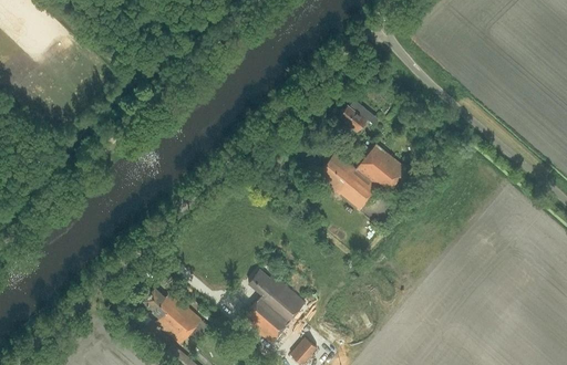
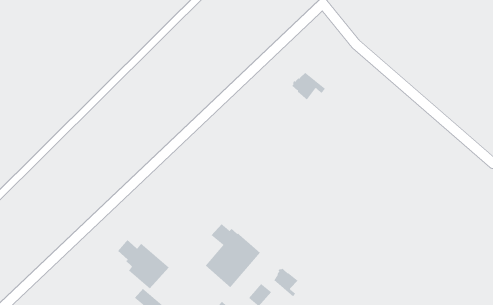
building: [318,144,406,210] -> none
building: none -> [273,268,298,297]

